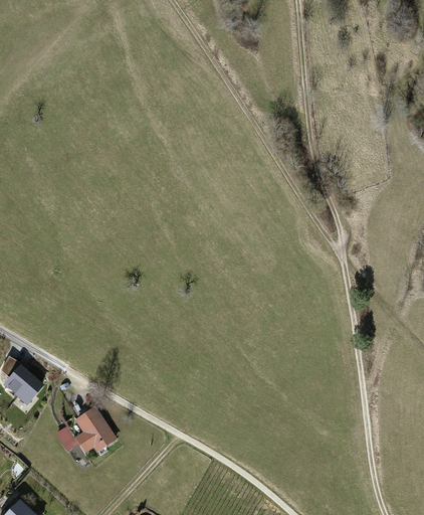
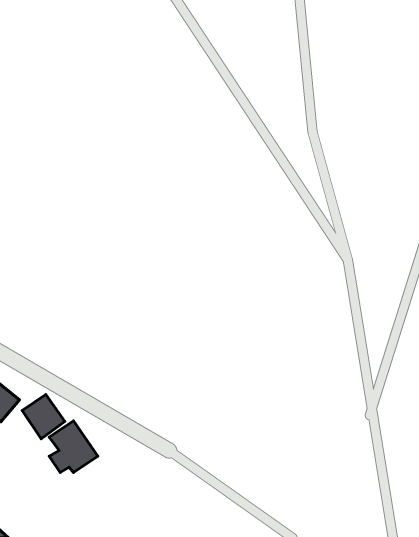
building: none -> [22,395,65,439]

